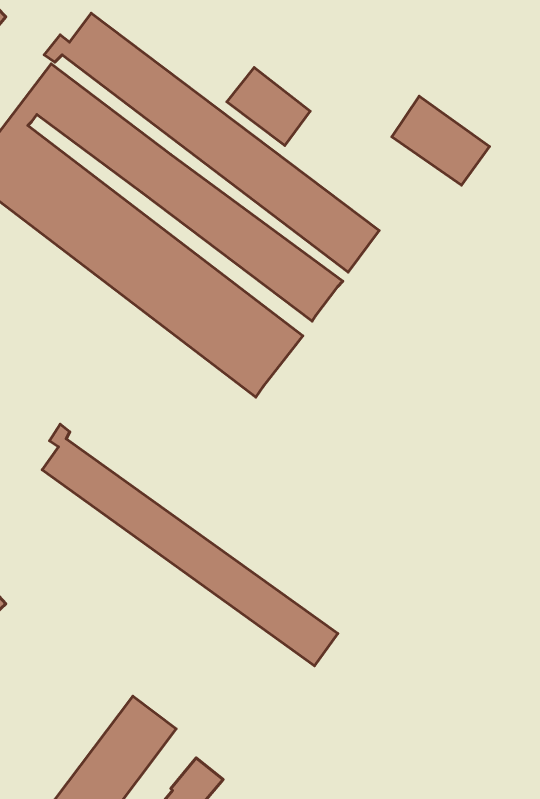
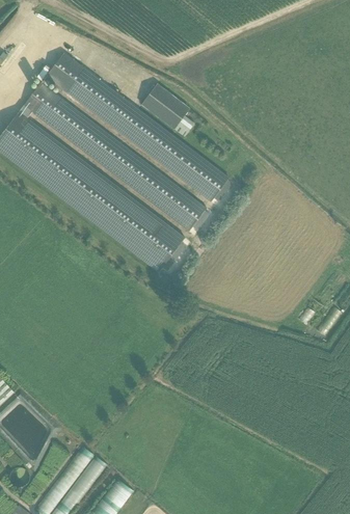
building: [392,96,490,185] -> none
building: [42,424,338,666] -> none

